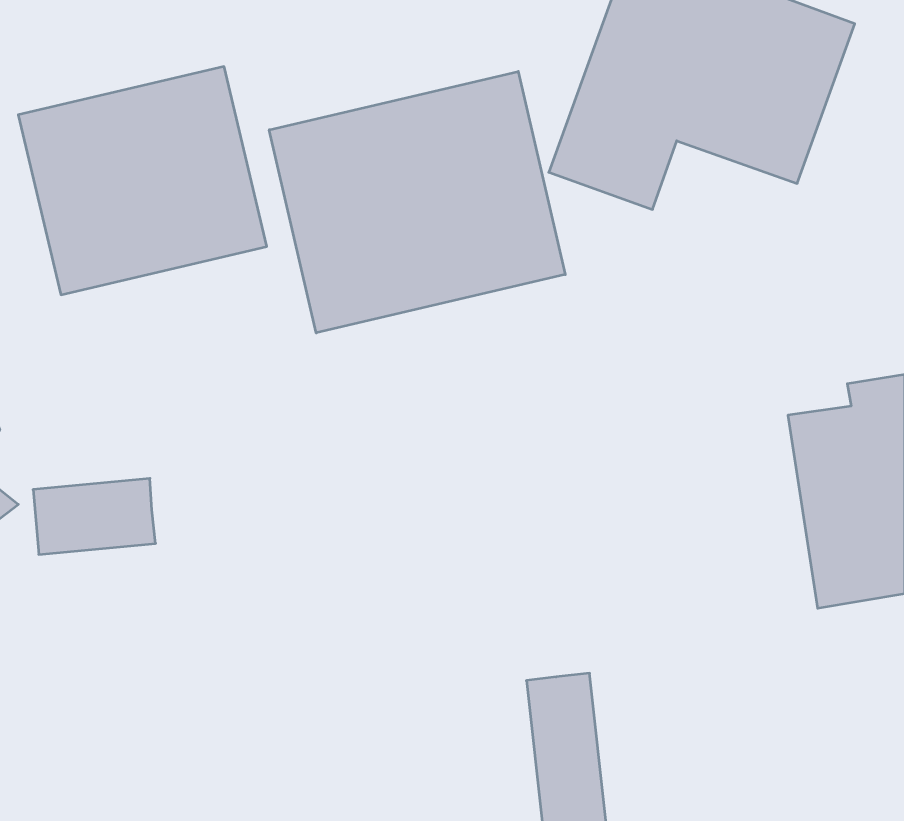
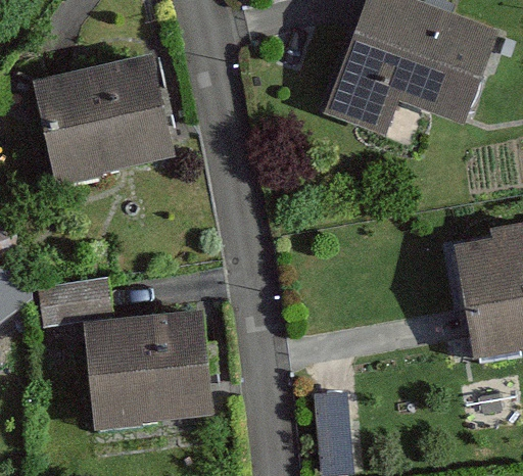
building: [269,71,565,333] -> none
building: none -> [86,315,203,423]

